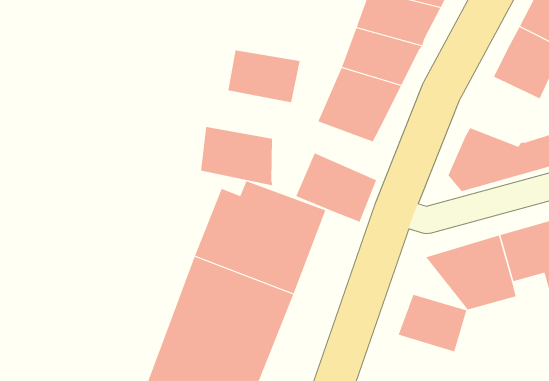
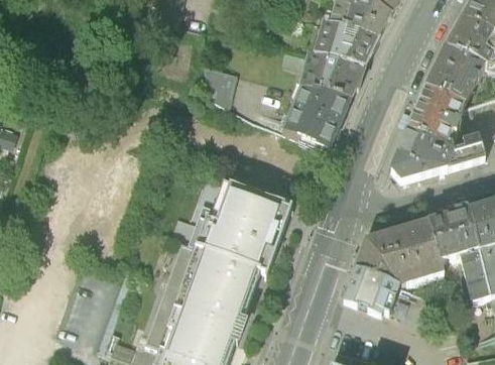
building: none -> [404,92,462,148]
building: [201,126,273,186] -> none
building: [296,153,377,223] -> none
building: none -> [358,239,402,282]

